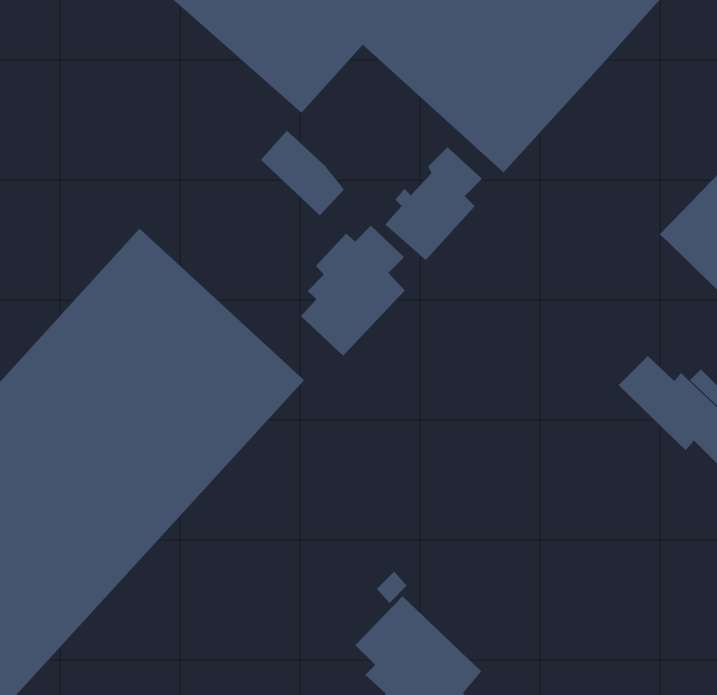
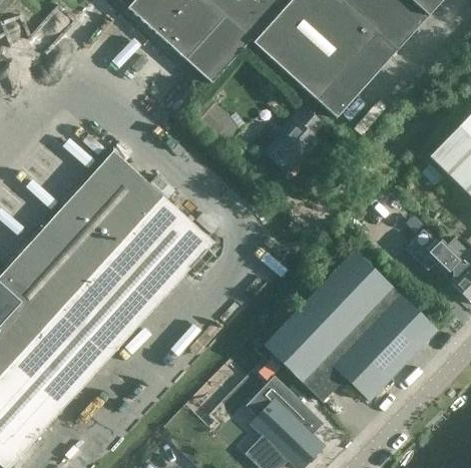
building: [300,225,406,356] -> none
building: none -> [264,251,437,400]

